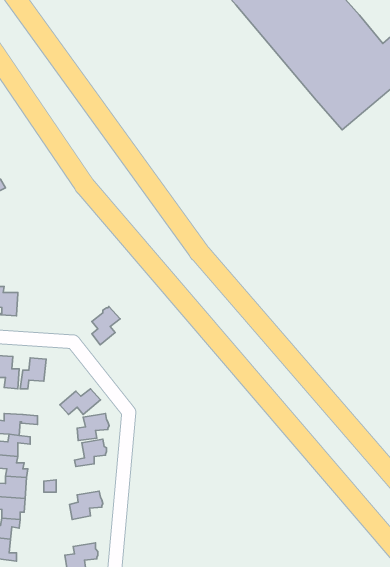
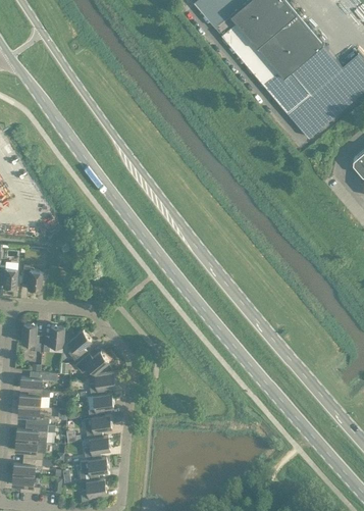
building: [92,307,120,345] -> [68,331,92,363]
building: none -> [85,416,112,439]
building: none -> [82,459,109,481]

